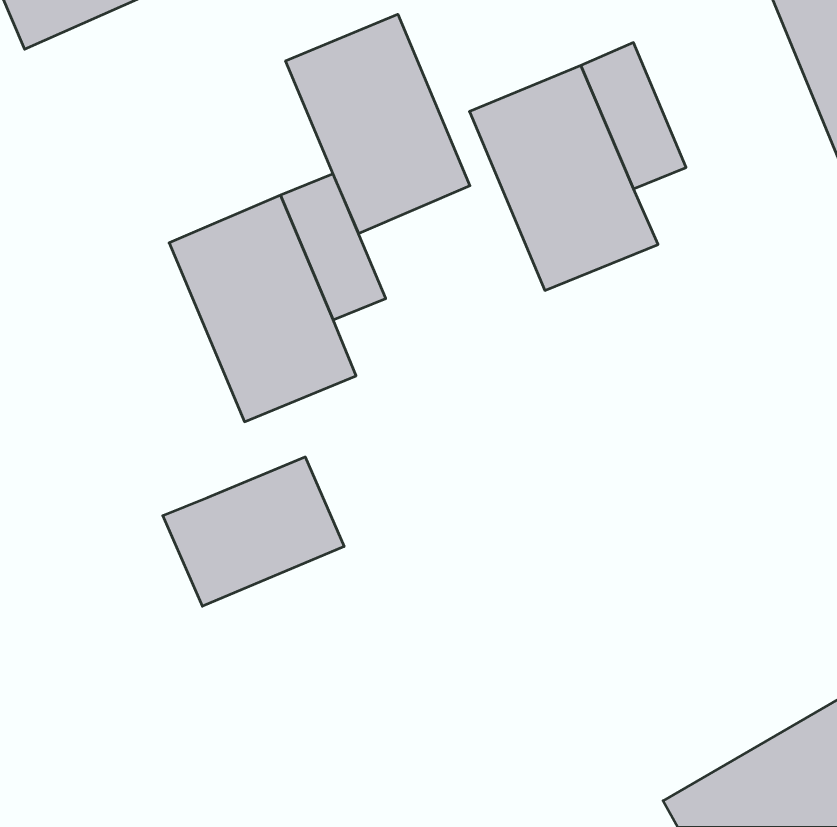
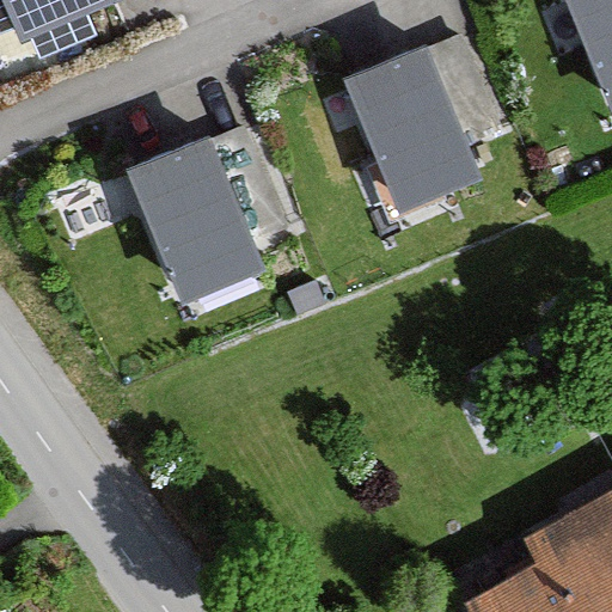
building: [286,14,470,234] -> none
building: [163,457,344,606] -> none

